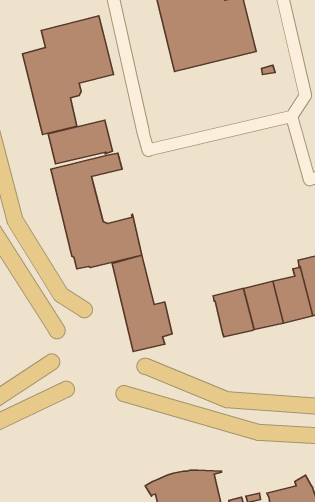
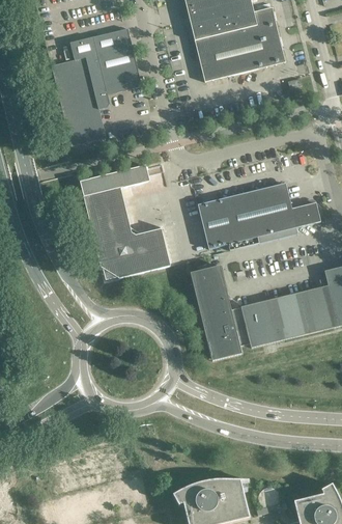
building: [48,120,112,164] -> none
building: none -> [198,182,320,247]
building: [112,255,172,352] -> [191,264,250,359]

